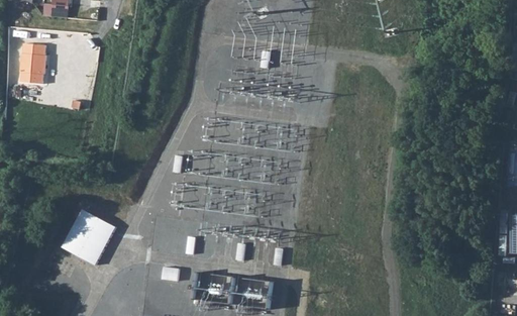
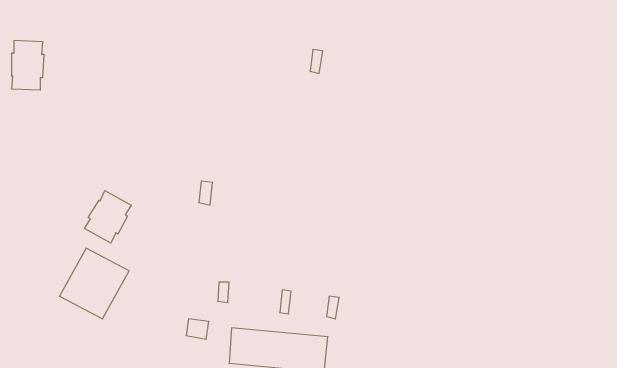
building: none -> [85,191,131,243]

